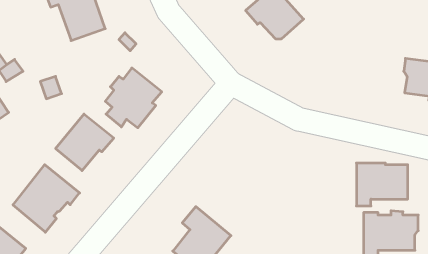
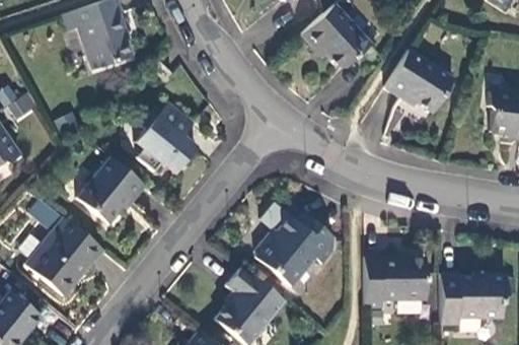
building: none -> [385,48,454,111]
building: none -> [254,212,335,286]
building: [356,163,408,206] -> [365,256,426,306]

